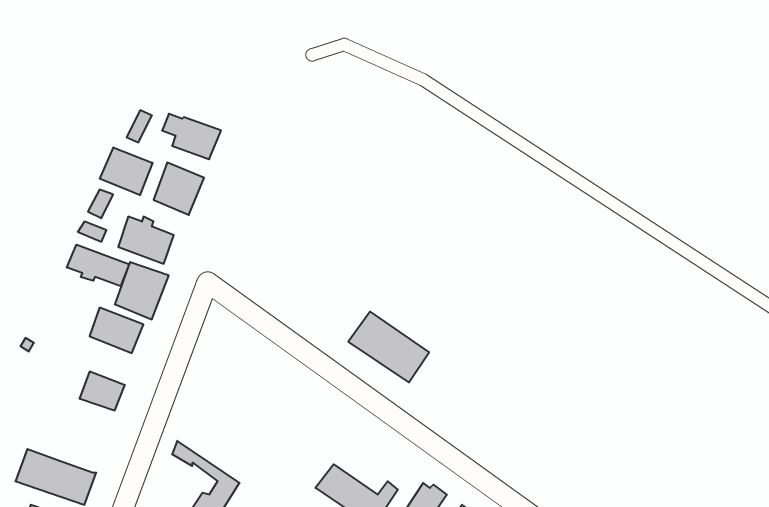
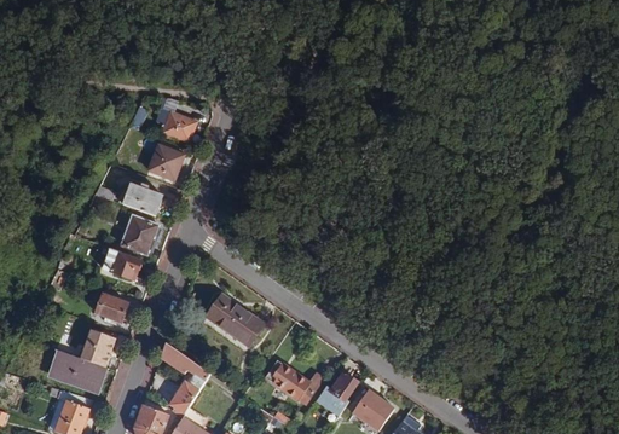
building: [100,147,153,195] -> none
building: [67,245,129,286] -> none
building: [348,312,429,382] -> [206,295,264,346]
building: none -> [81,329,115,366]

